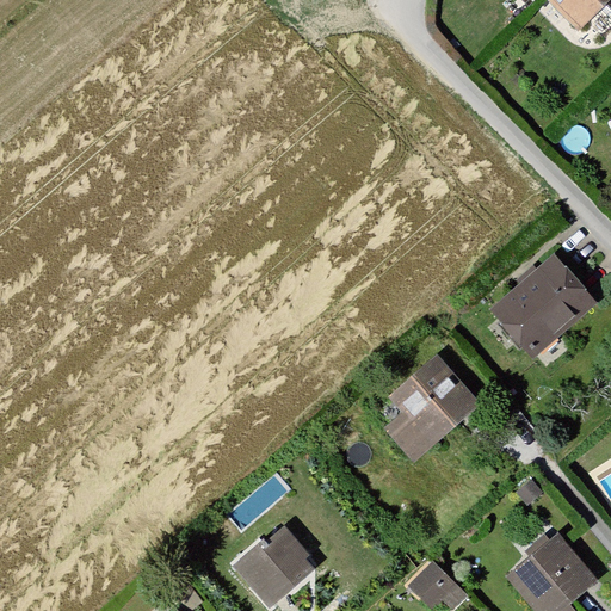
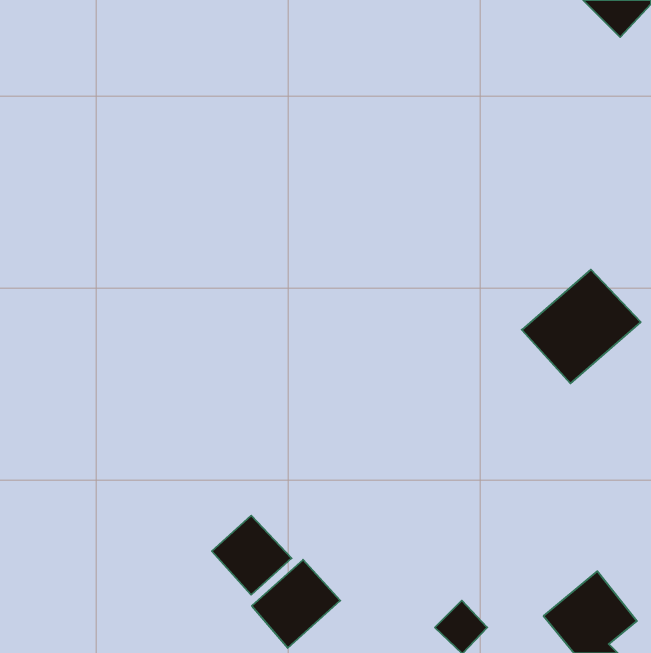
building: [385,356,481,462] -> none
building: none -> [212,516,292,595]

